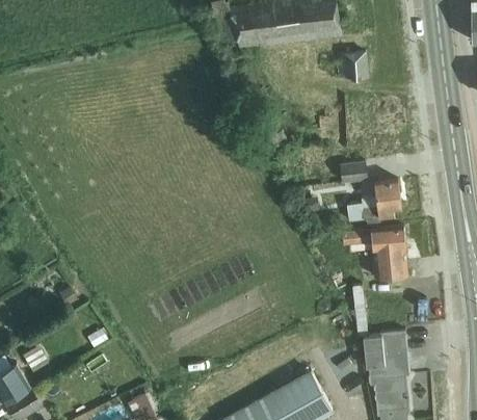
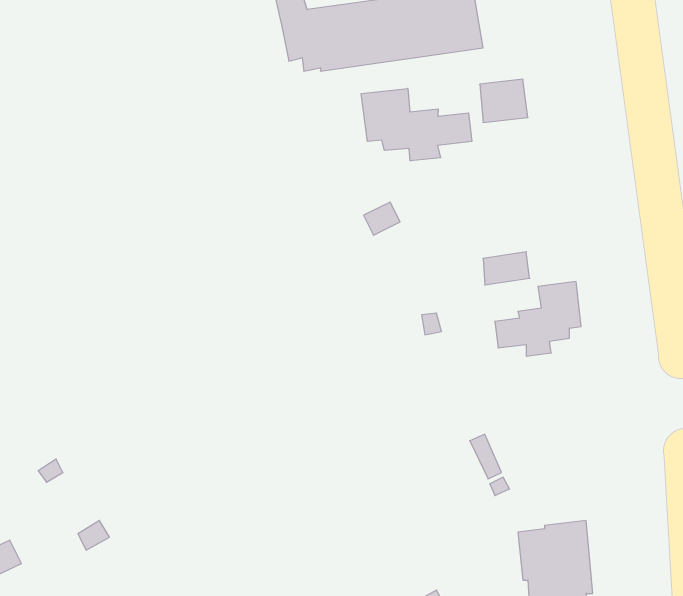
building: none -> [361,88,472,161]
building: [343,227,408,279] -> none

